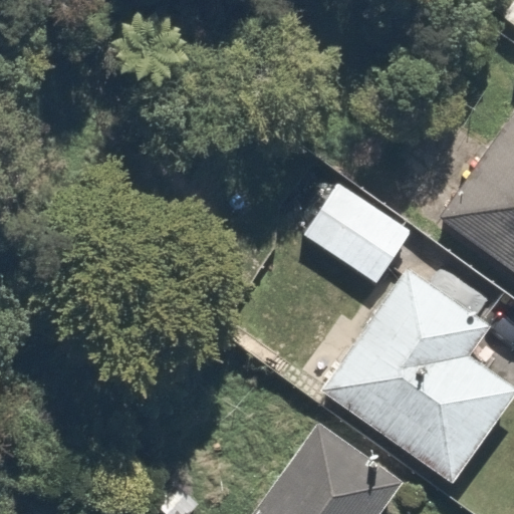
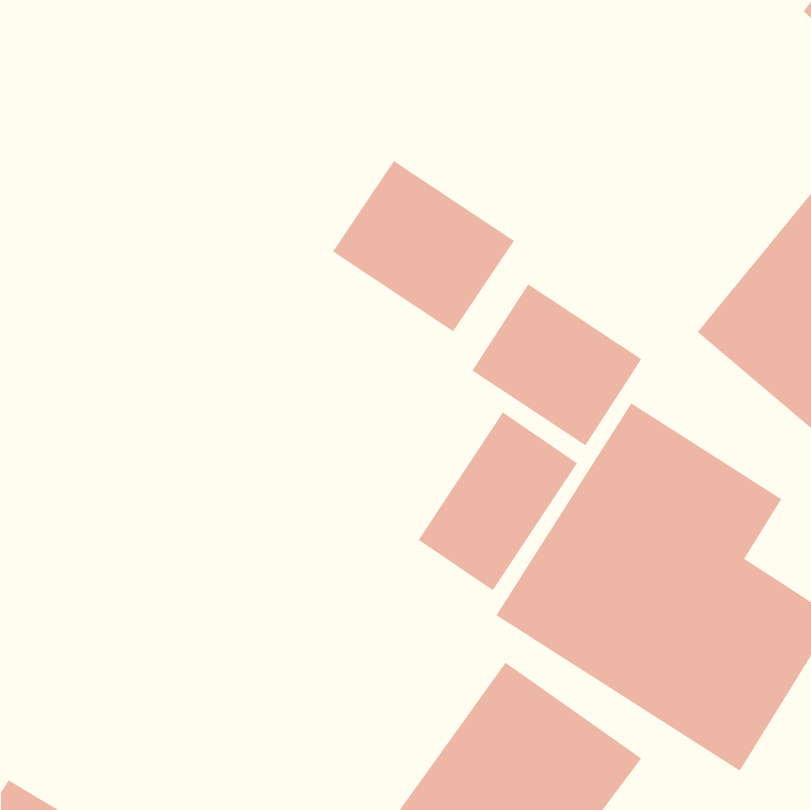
building: none -> [332,160,515,332]
building: none -> [418,412,578,591]

